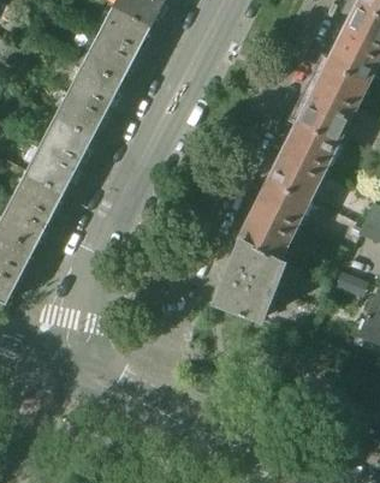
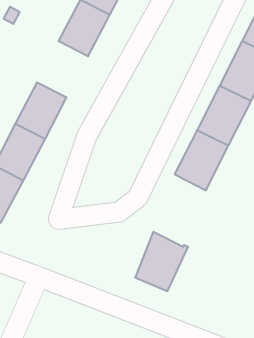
building: [53,61,121,137] -> none
building: [215,240,286,320] -> [135,232,188,291]

